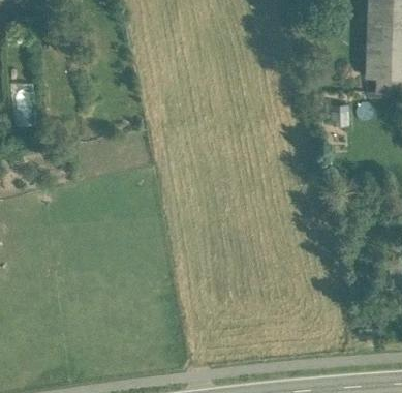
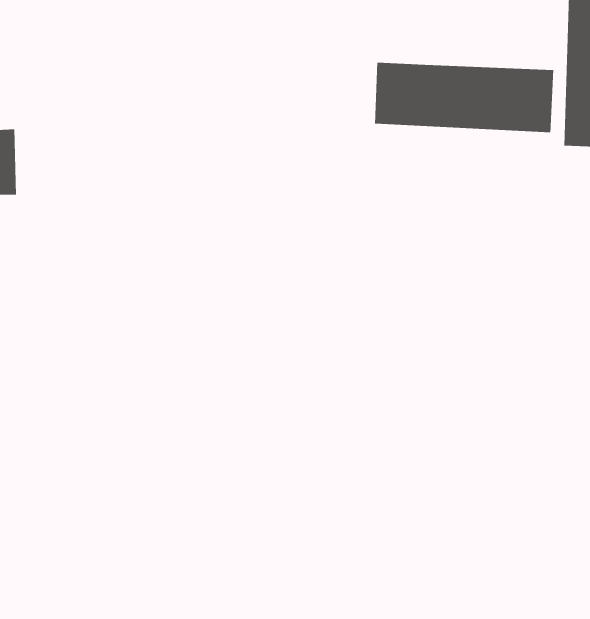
building: none -> [374,62,554,133]

